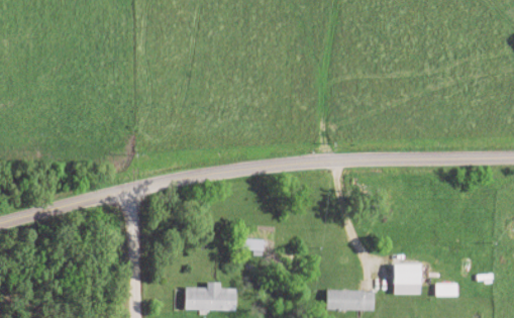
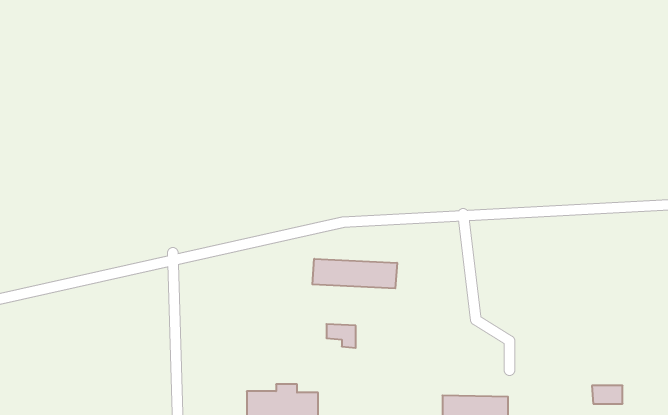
building: none -> [312,259,397,288]
building: [394,264,421,295] -> none

